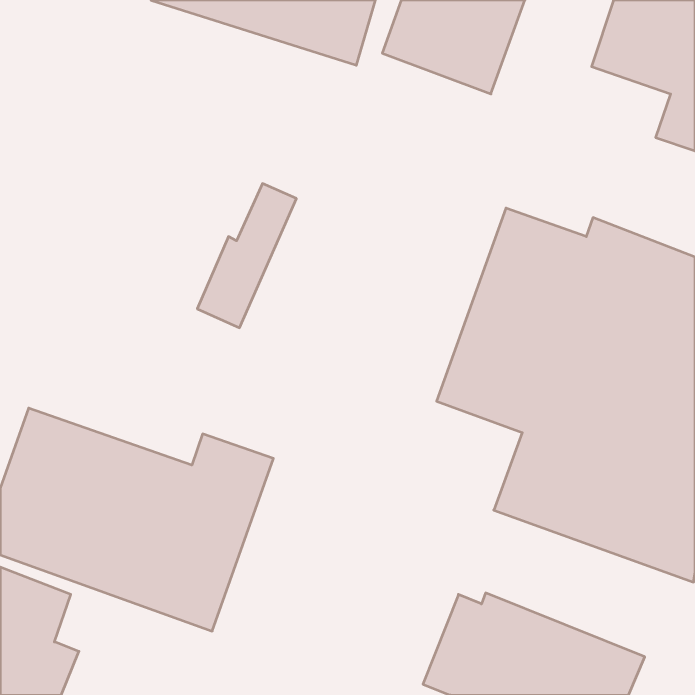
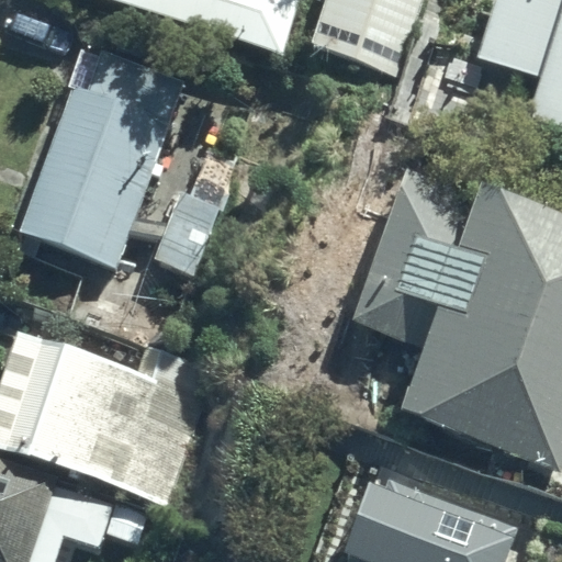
building: none -> [21,47,184,265]

